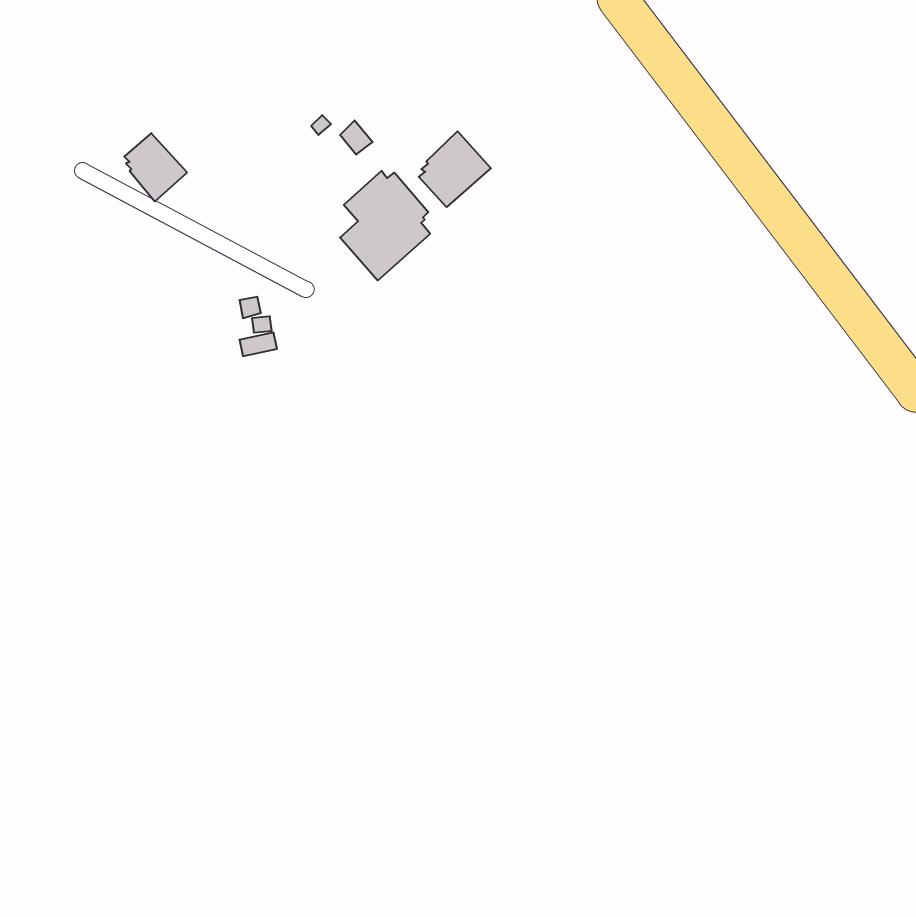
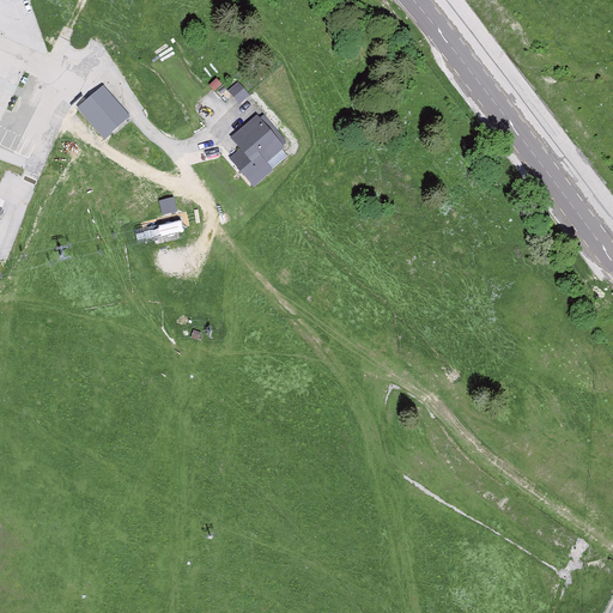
building: [419,131,491,207] -> none

